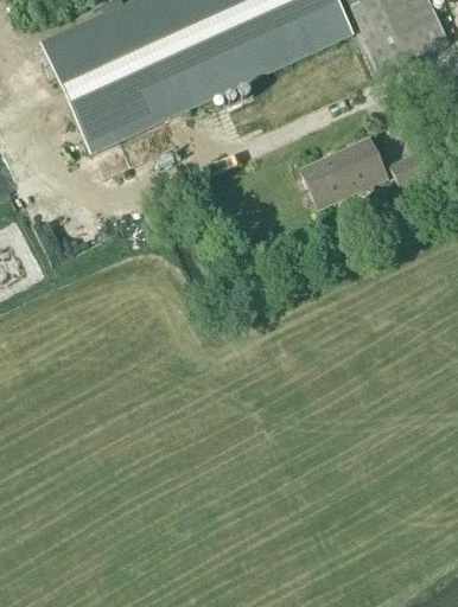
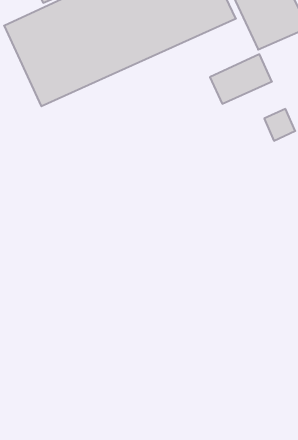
building: [304,140,387,206] -> [210,54,272,104]

